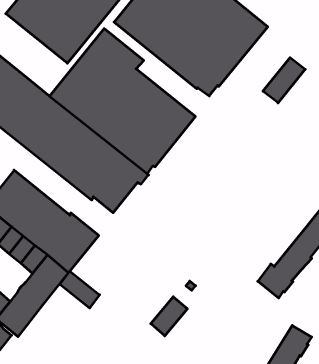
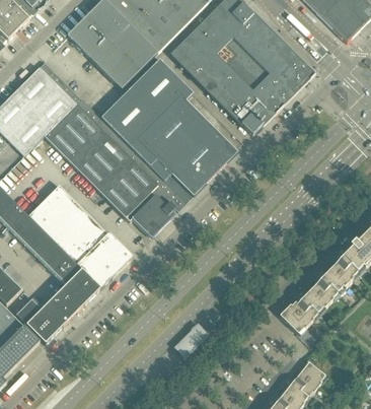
building: [263,58,305,103] -> none
building: [60,271,100,308] -> none

